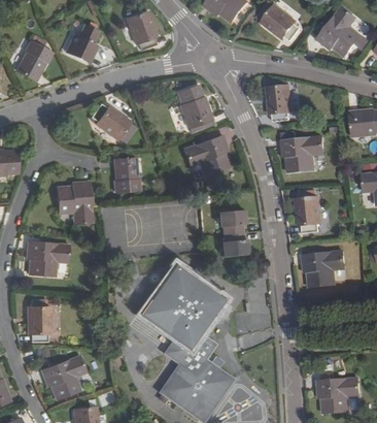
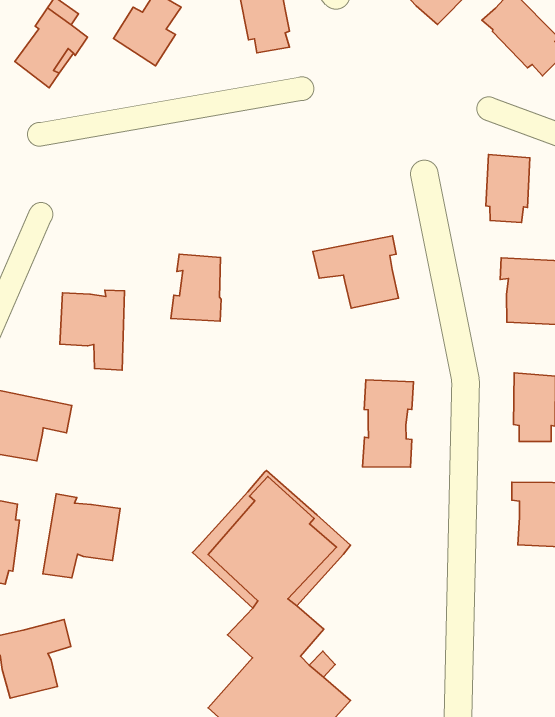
building: [177,85,212,132] -> none
building: [90,103,134,142] -> none
building: none -> [43,494,120,578]

